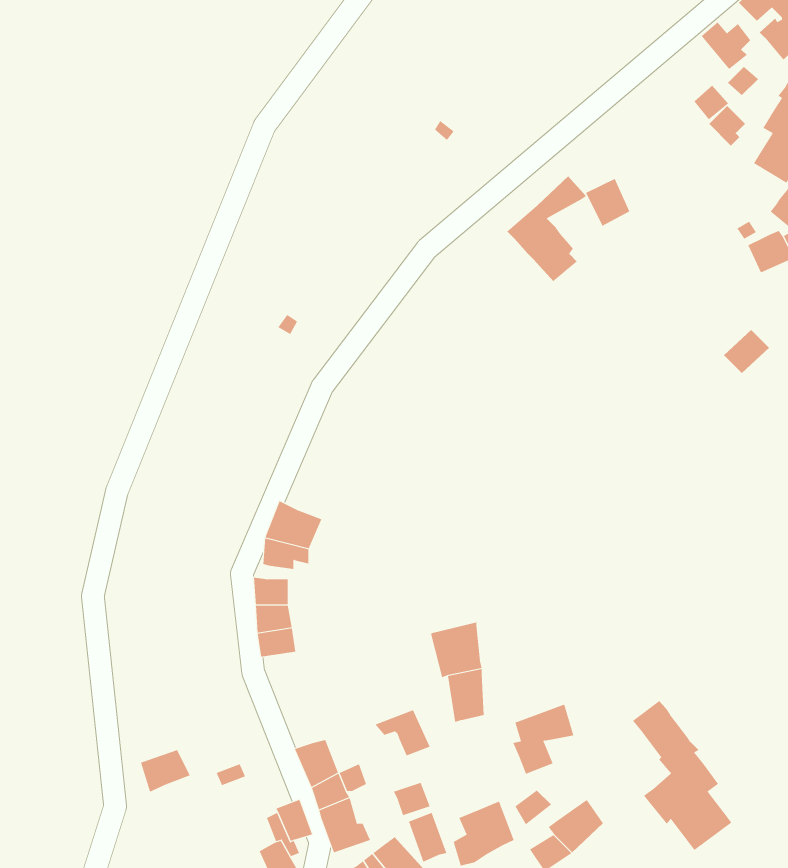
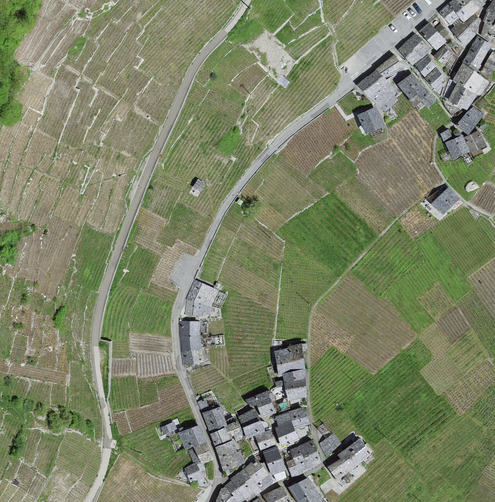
building: none -> [398,34,428,64]
building: none -> [398,73,435,108]
building: [507,176,587,282] -> [359,54,402,111]
building: [632,700,732,851] -> none
building: [513,704,574,775] -> [275,407,308,445]
building: none -> [238,409,264,437]
building: [140,749,191,792] -> [178,426,205,449]

